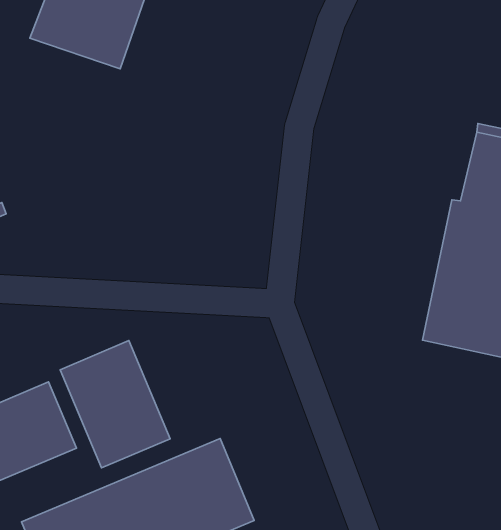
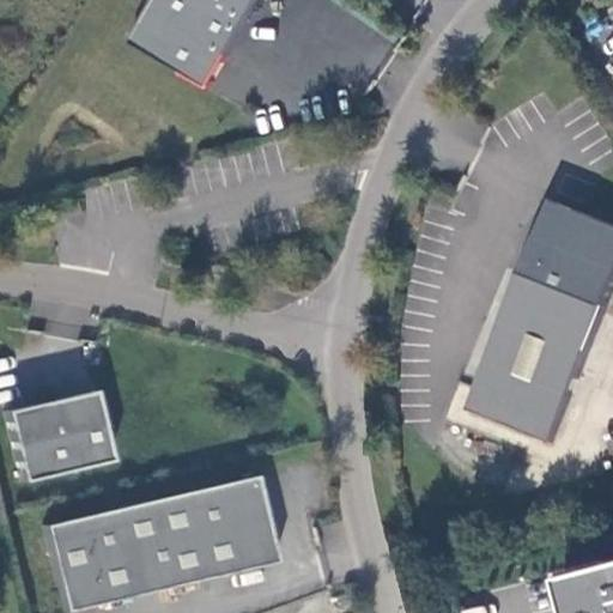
building: [60,341,170,468] -> none

